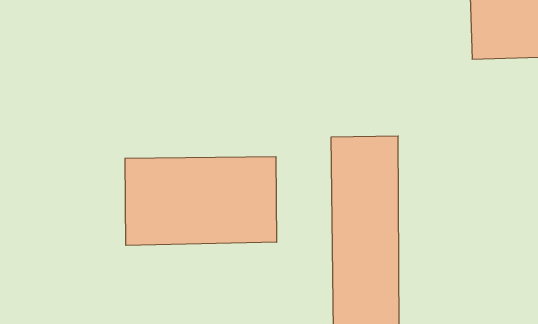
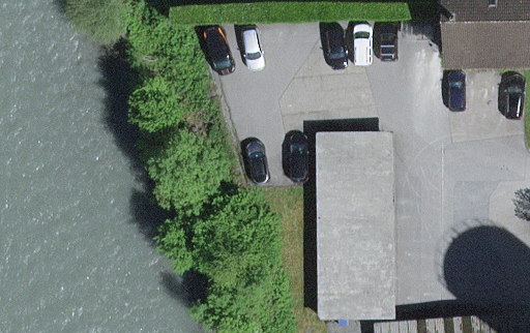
building: [125,157,277,245] -> none

